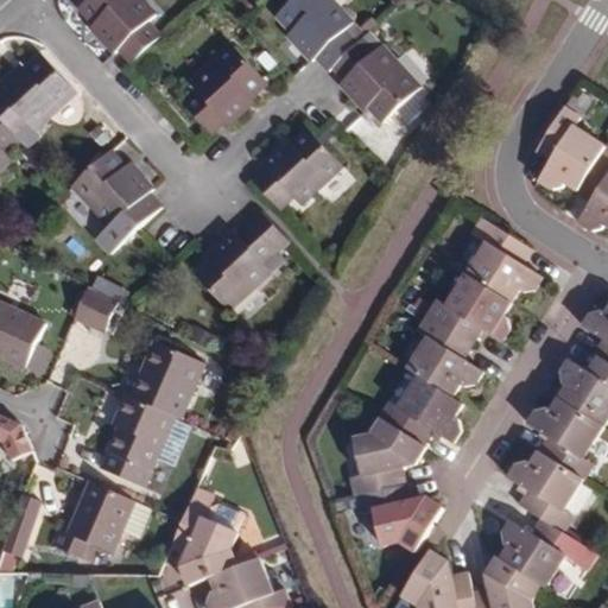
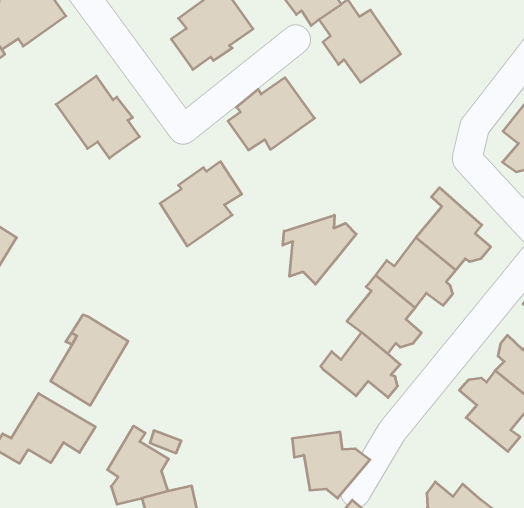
building: none -> [283,215,356,284]
building: [74,287,119,330] -> none
building: [132,341,204,418] -> none
building: [348,420,423,496] -> none
building: [507,452,582,536] -> none

